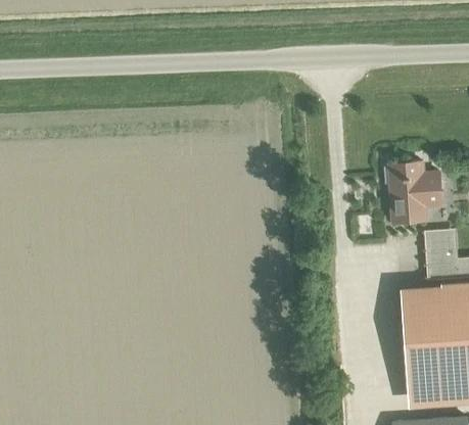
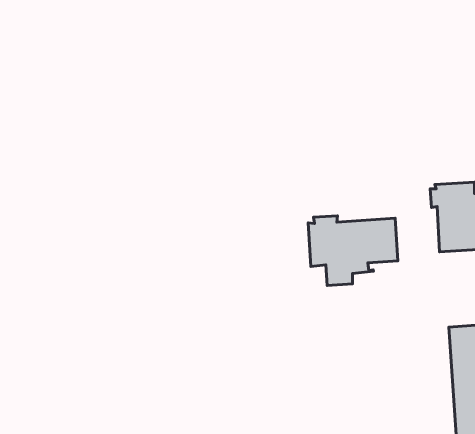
building: none -> [308,216,398,286]

